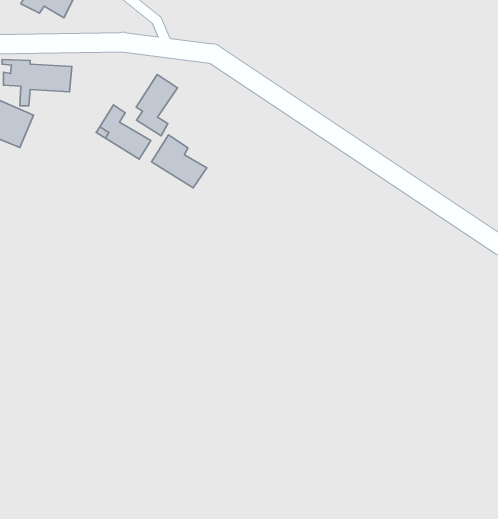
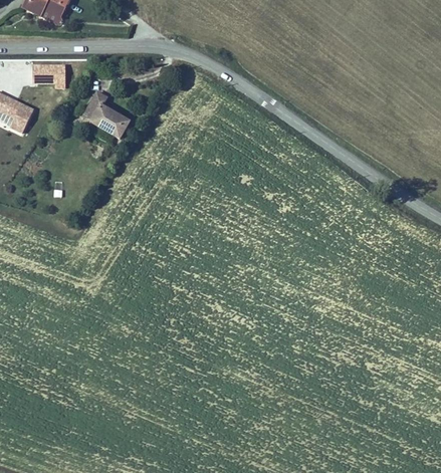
building: [136,75,178,136] -> none
building: [151,135,207,188] -> none

